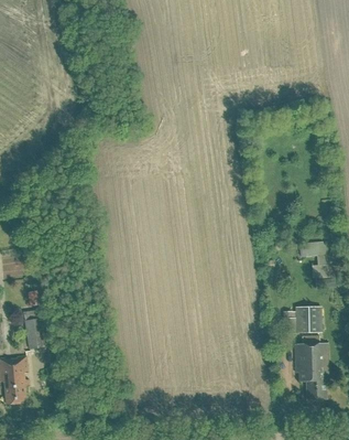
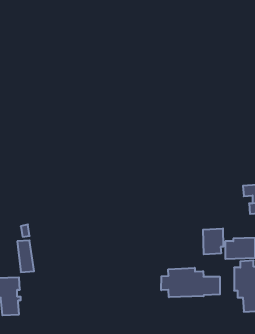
building: none -> [203,228,223,254]
building: none -> [161,268,220,297]

